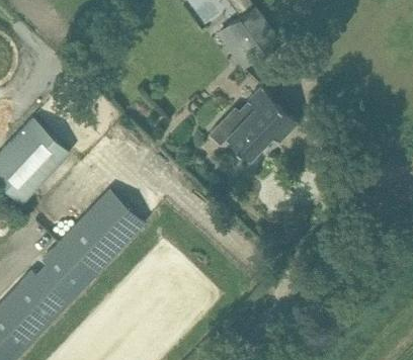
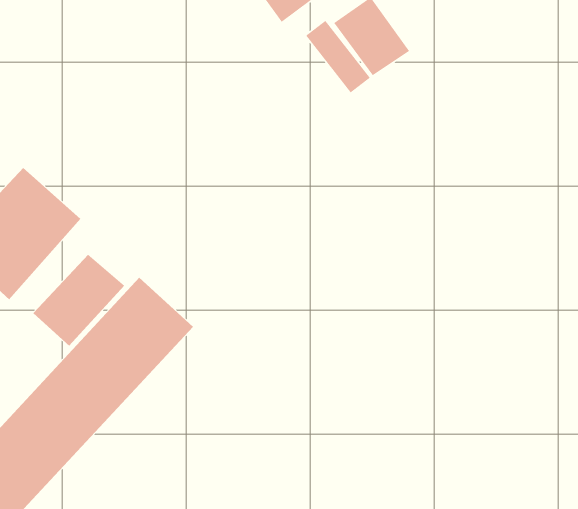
building: [209,88,299,160] -> none
building: none -> [33,254,125,346]

